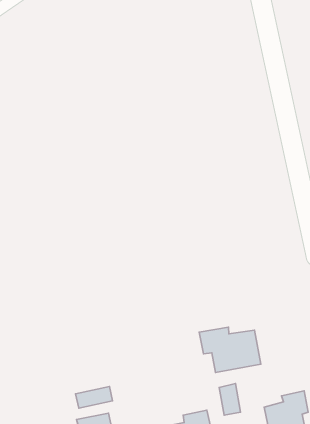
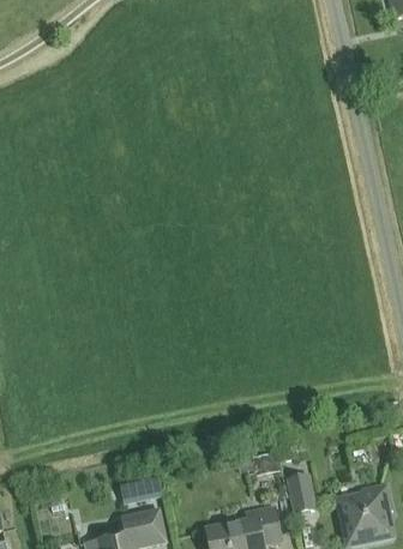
building: [199,327,261,373] -> none

